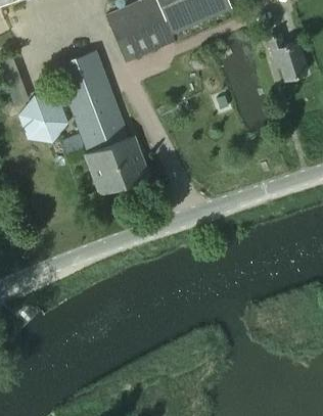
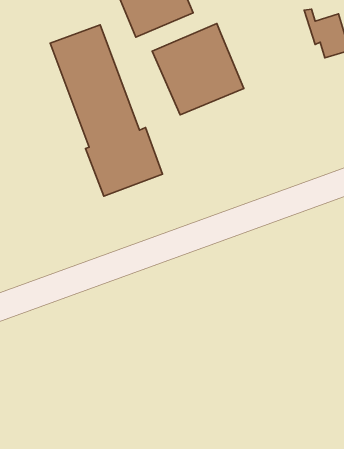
building: none -> [152,24,244,115]
building: [18,96,66,143] -> none

